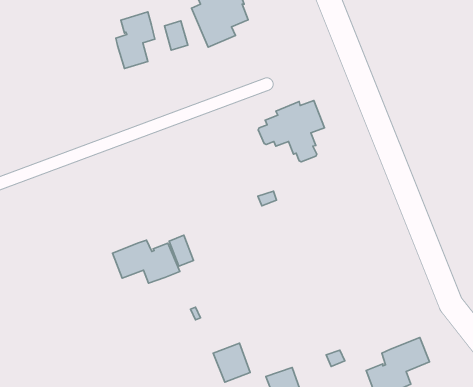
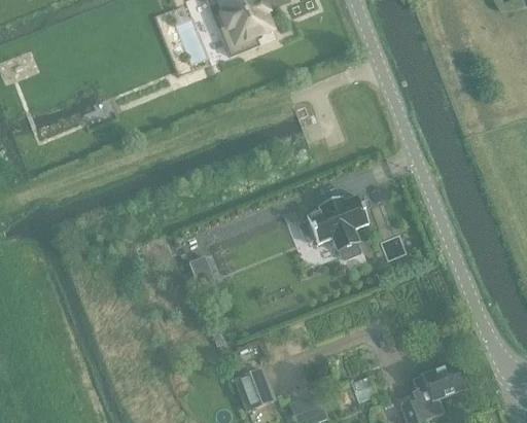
building: [116,12,155,68] -> none
building: [258,101,325,162] -> [298,195,368,259]
building: [112,240,180,283] -> none

